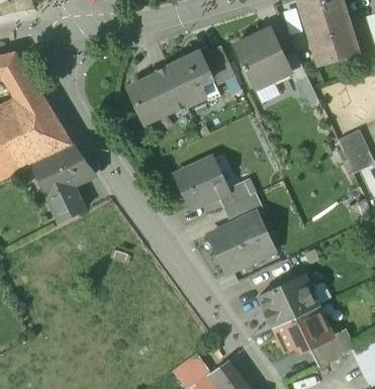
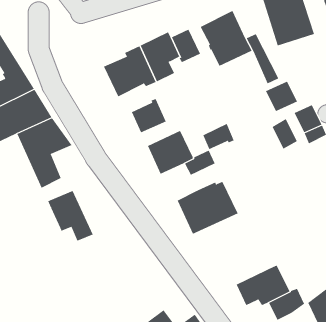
building: none -> [265,81,298,112]
building: none -> [131,98,167,133]
building: none -> [272,118,297,150]
building: [223,195,259,224] -> [202,123,235,150]
building: none -> [48,190,94,241]
building: [258,274,315,327] -> none

